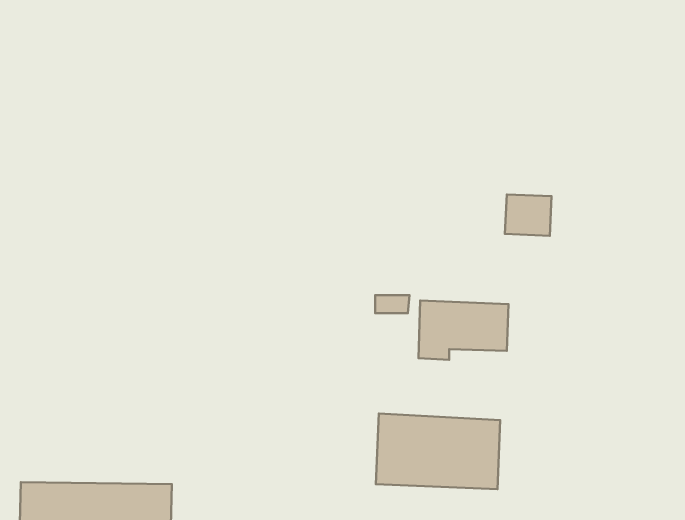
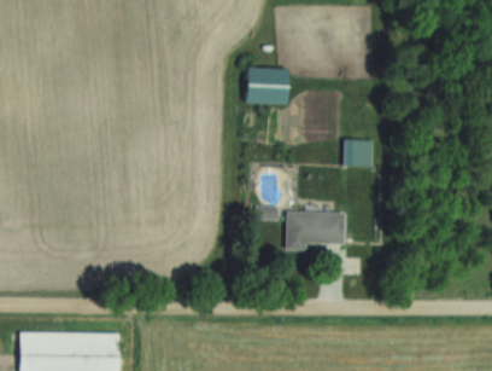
building: none -> [246,66,288,104]
building: [376,413,500,489] -> none

